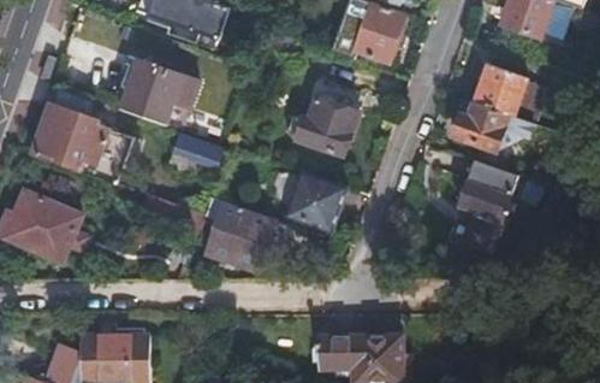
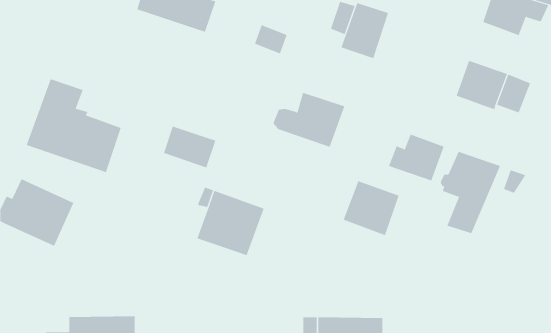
building: [120,58,201,124] -> none
building: [453,102,512,152] -> [388,134,445,181]
building: [286,175,345,232] -> [343,181,399,236]

